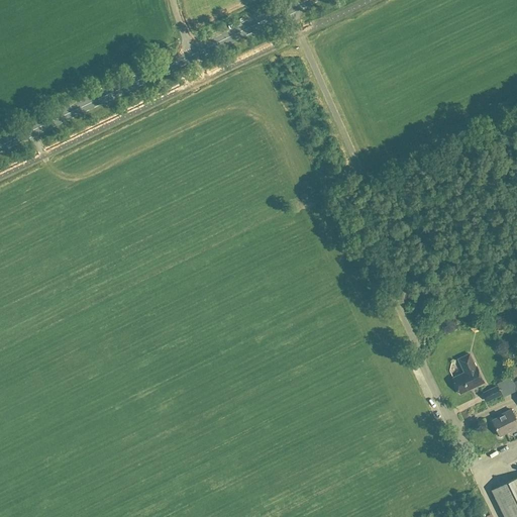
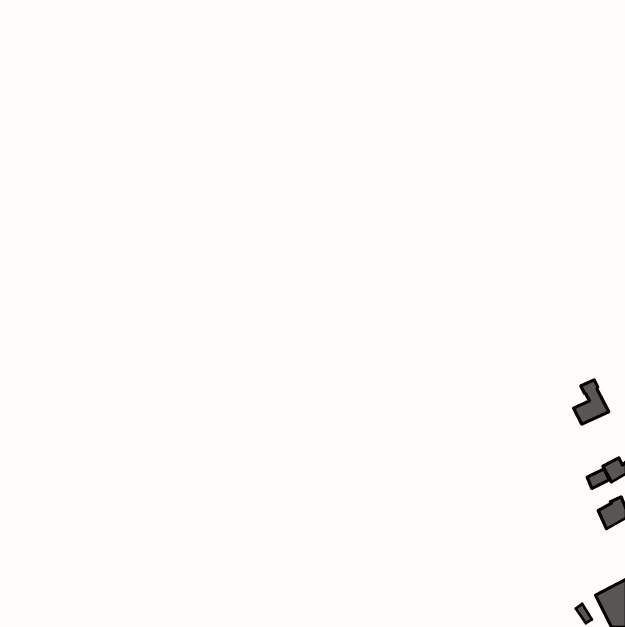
building: [452,358,482,395] -> [573,380,609,424]

